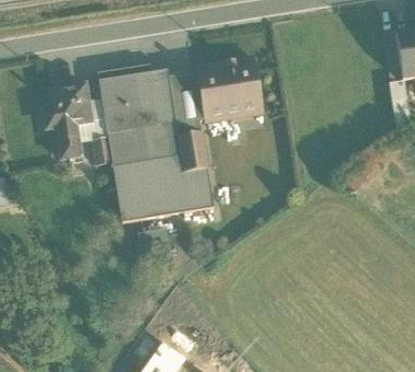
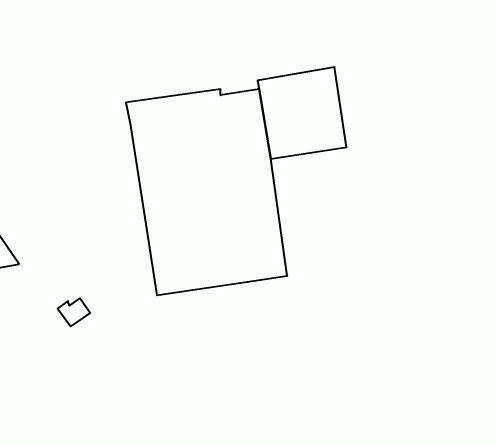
building: [43,81,112,165] -> none

